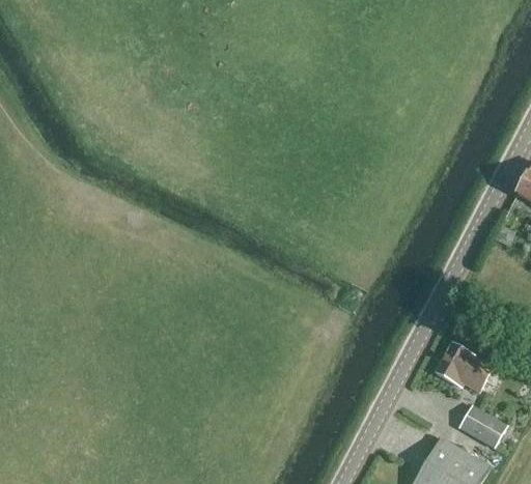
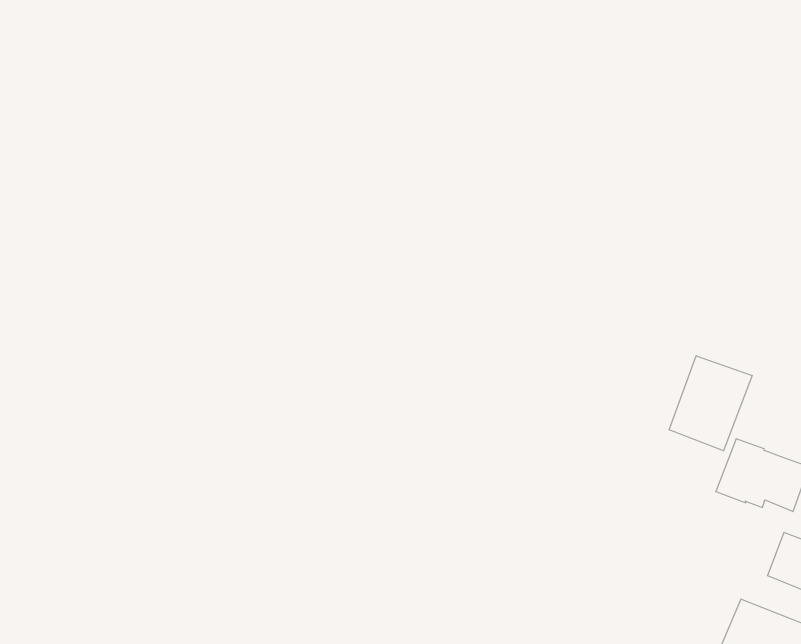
building: none -> [669,356,752,451]

